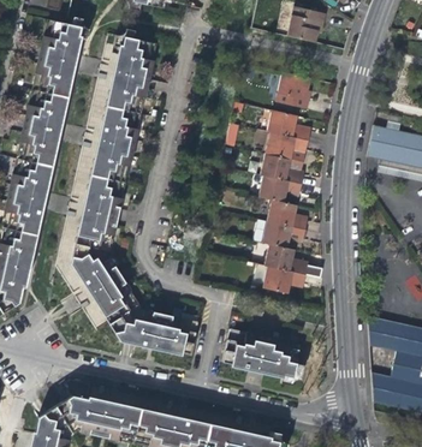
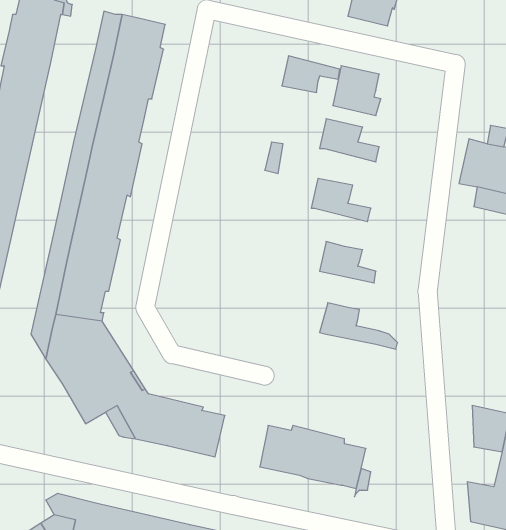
building: [266,132,308,159] -> [282,56,340,92]
building: [258,175,302,203] -> none
building: [255,219,307,248] -> none
building: [266,267,308,293] -> none

